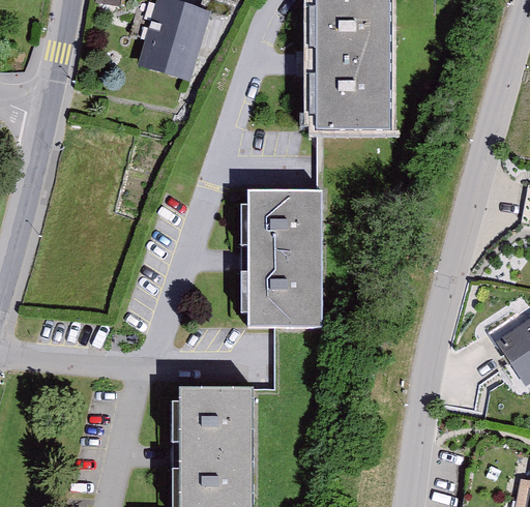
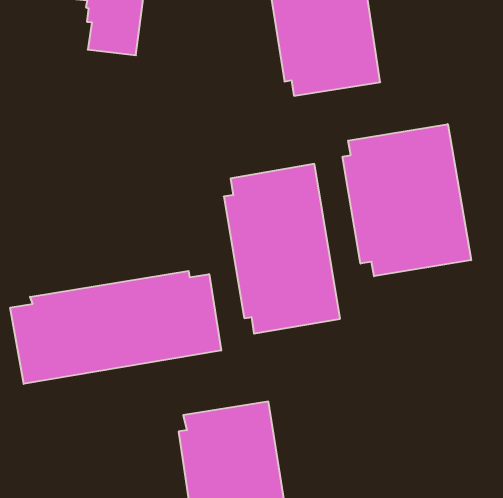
building: none -> [343,124,471,276]
building: none -> [10,271,221,384]

